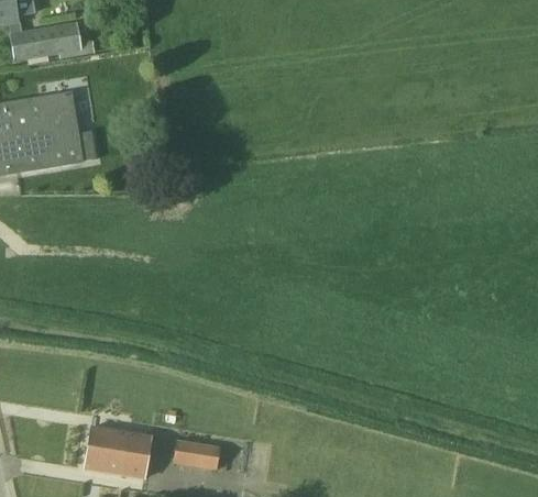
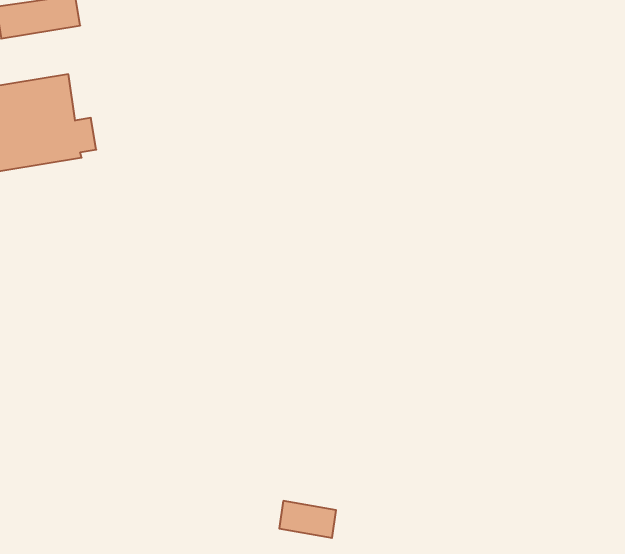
building: [85,426,152,478] -> none
building: [174,439,221,470] -> [279,501,336,538]

